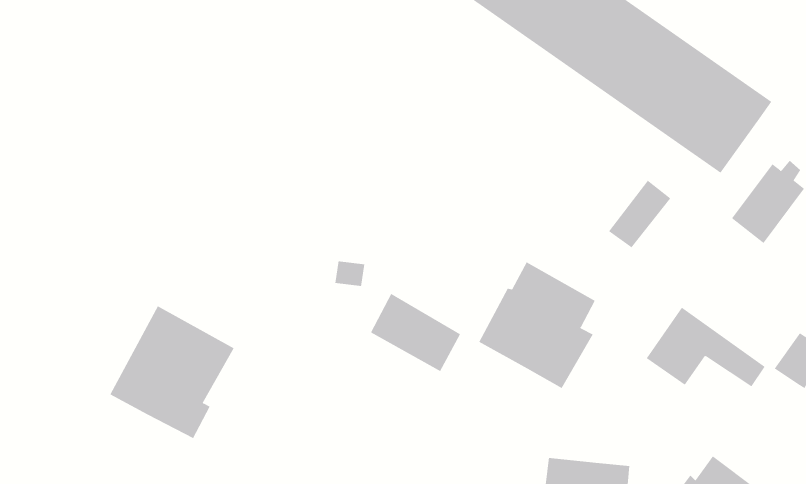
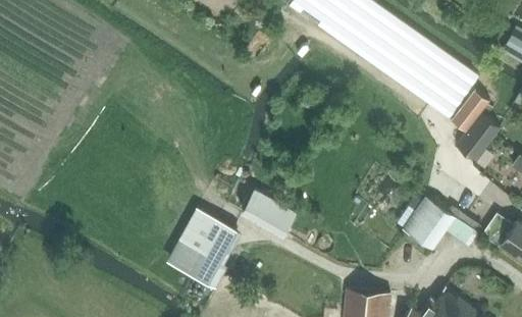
building: [608,180,671,248] -> [453,90,490,130]
building: [479,262,596,389] -> none
building: [110,306,234,439] -> [167,209,242,288]

